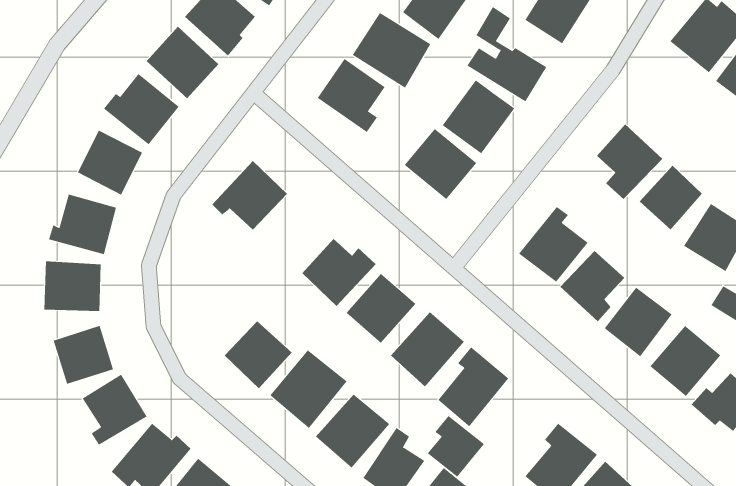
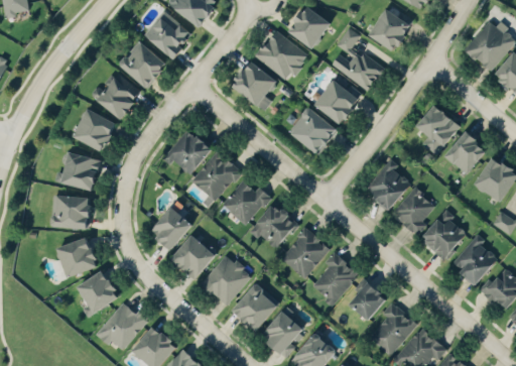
building: none -> [190,151,239,202]
building: none -> [149,207,191,250]
building: [427,415,485,478] -> [348,279,386,321]

